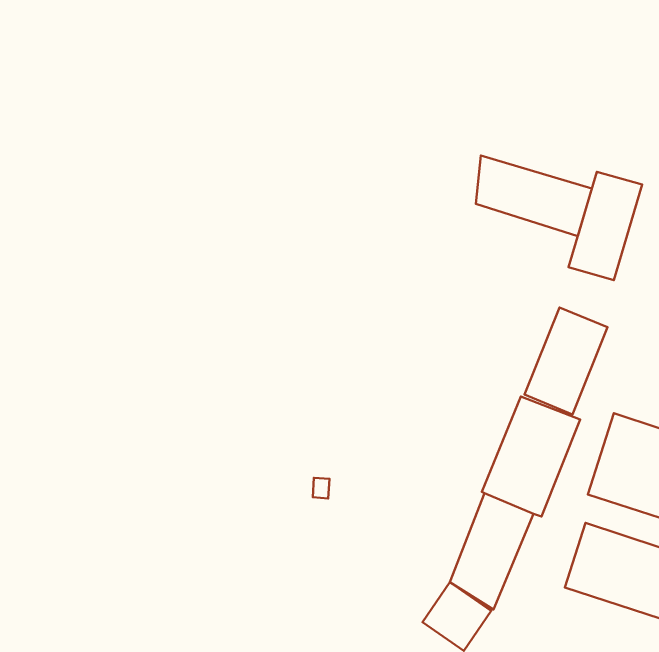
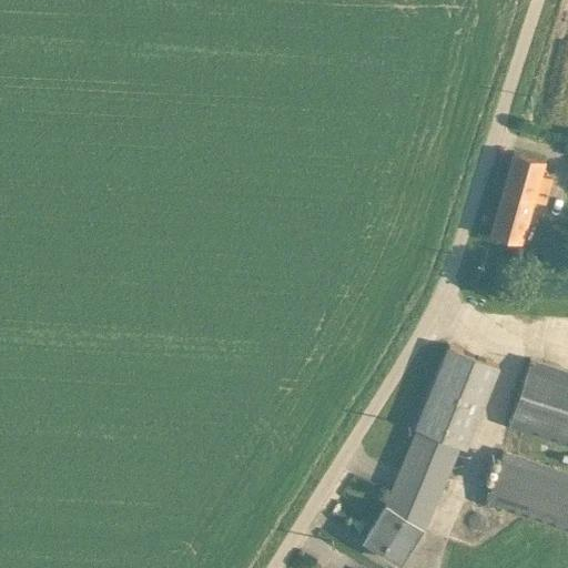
building: [476,156,592,236] -> none
building: [525,307,608,414] -> none

